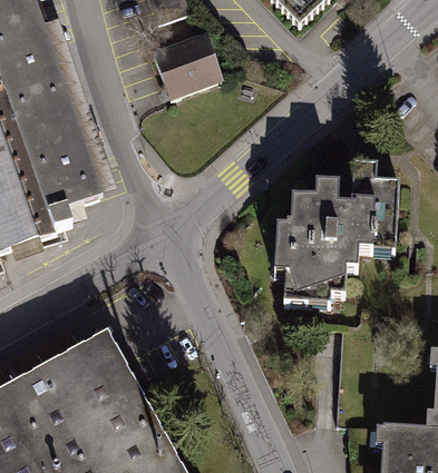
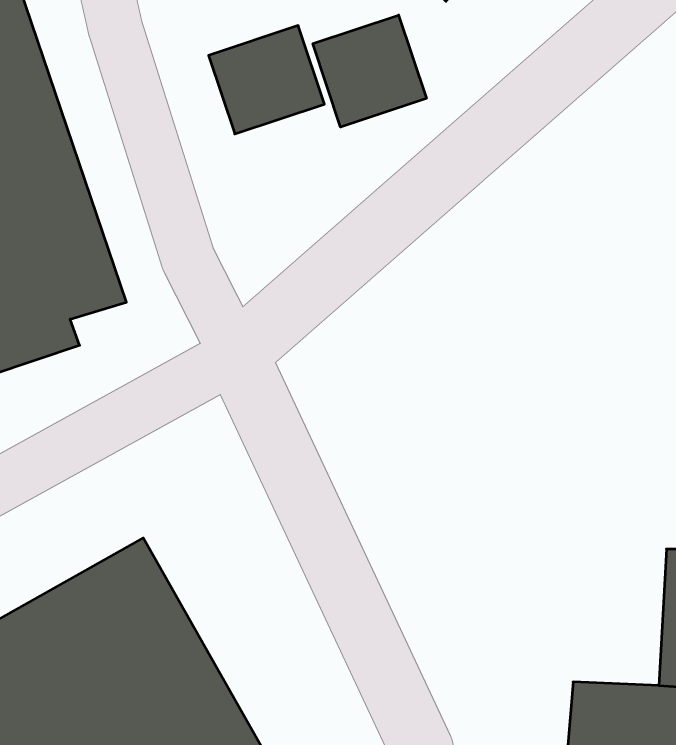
building: none -> [313,15,426,127]
building: [266,166,392,290] -> none

